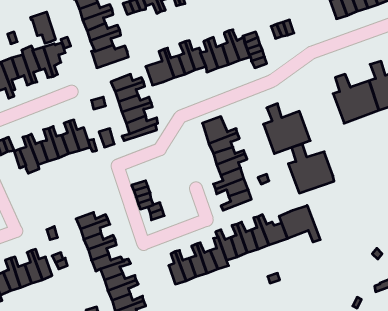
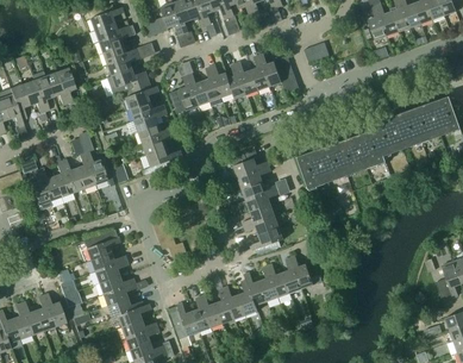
building: [31,12,55,43] -> none
building: none -> [125,82,159,109]
building: [288,144,334,193] -> [336,120,386,174]
building: none -> [87,229,120,259]
building: [279,205,320,242] -> none
building: none -> [170,302,200,346]

